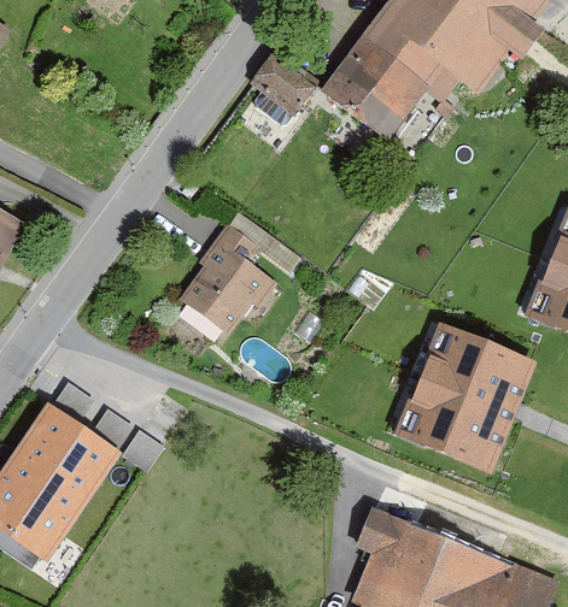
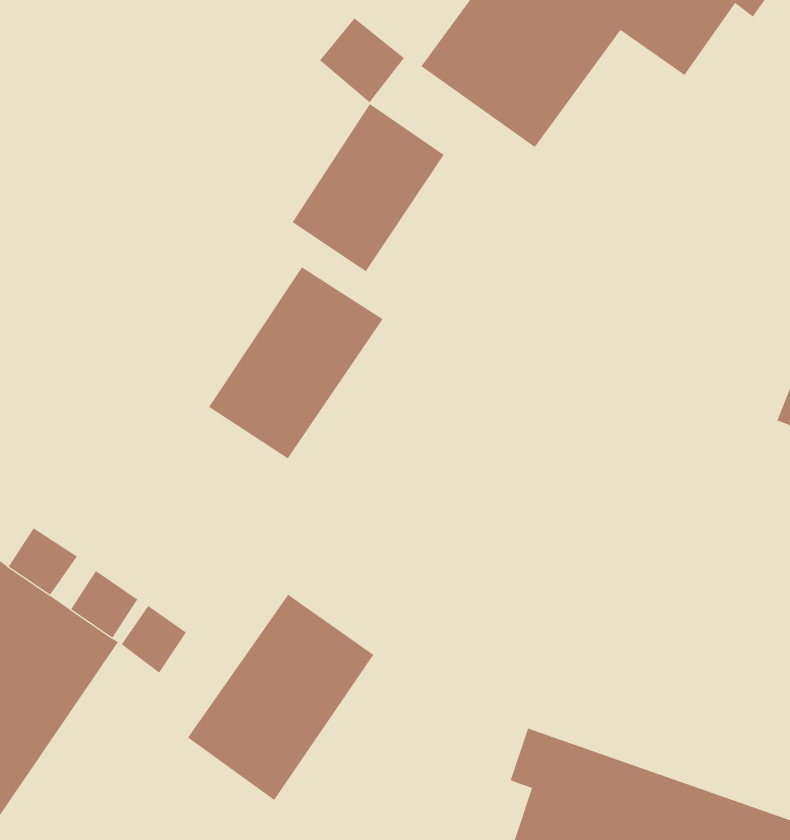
building: none -> [292,103,444,272]
building: [400,330,529,467] -> none
building: none -> [187,594,374,801]

